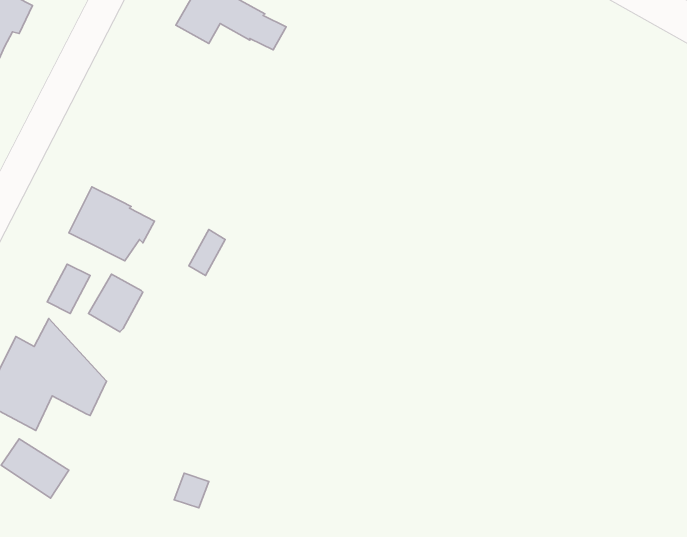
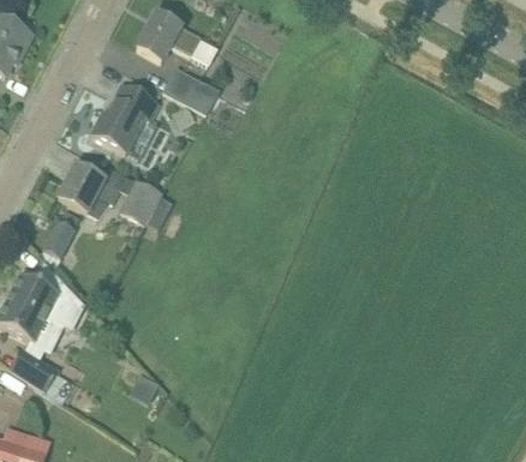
building: none -> [162,67,217,114]
building: none -> [90,83,157,158]
building: [89,274,143,332] -> [120,182,160,224]

